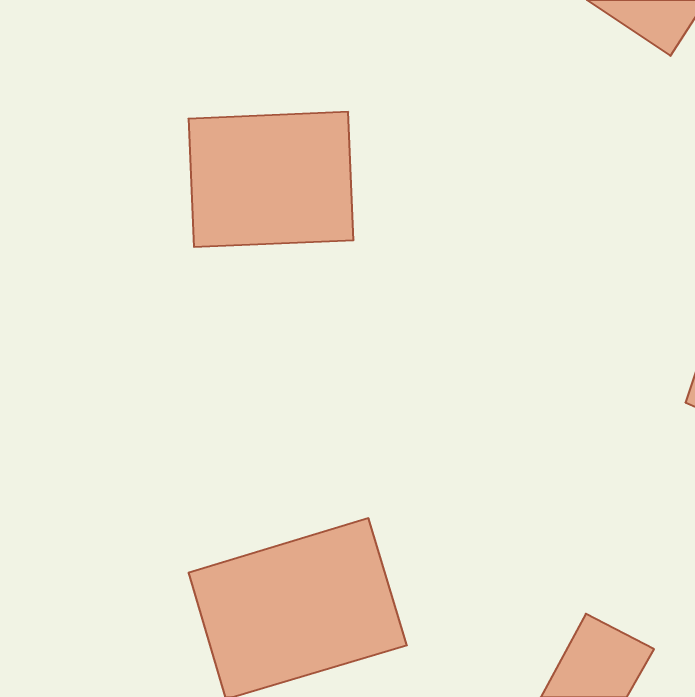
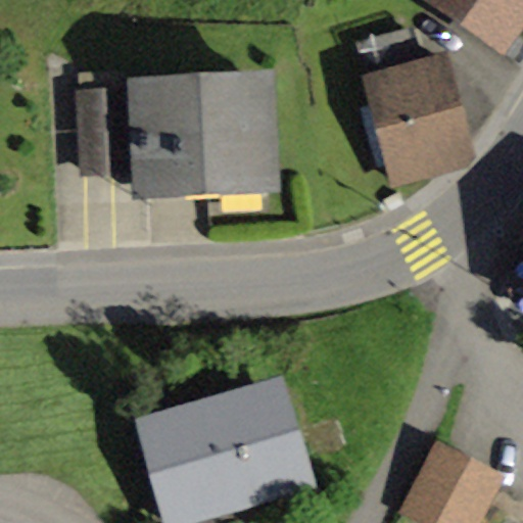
building: none -> [361,33,470,181]
building: none -> [83,96,128,171]

